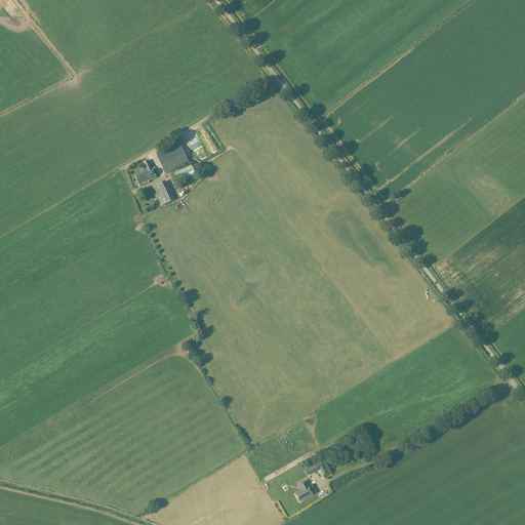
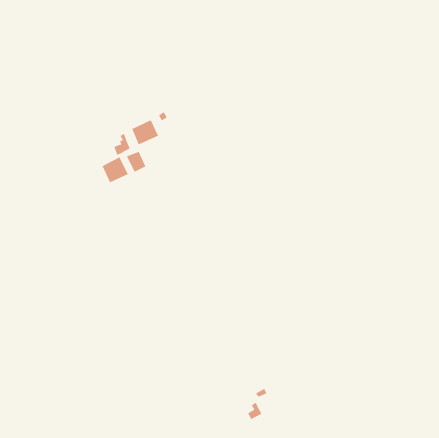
building: none -> [102,156,128,183]

